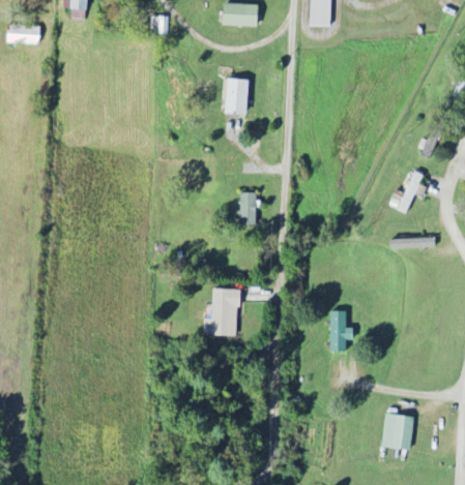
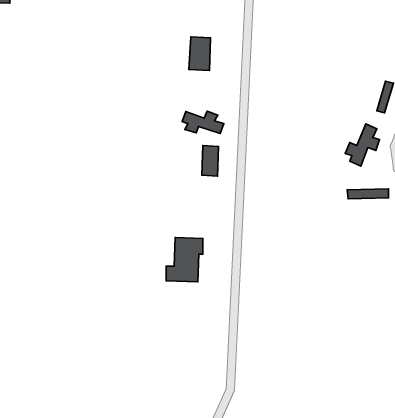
building: none -> [182,111,224,133]
building: [330,310,354,351] -> none
building: [381,413,413,450] -> none

